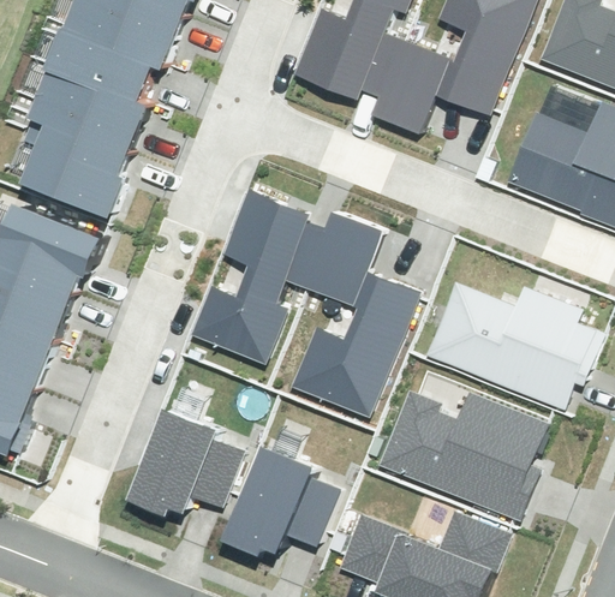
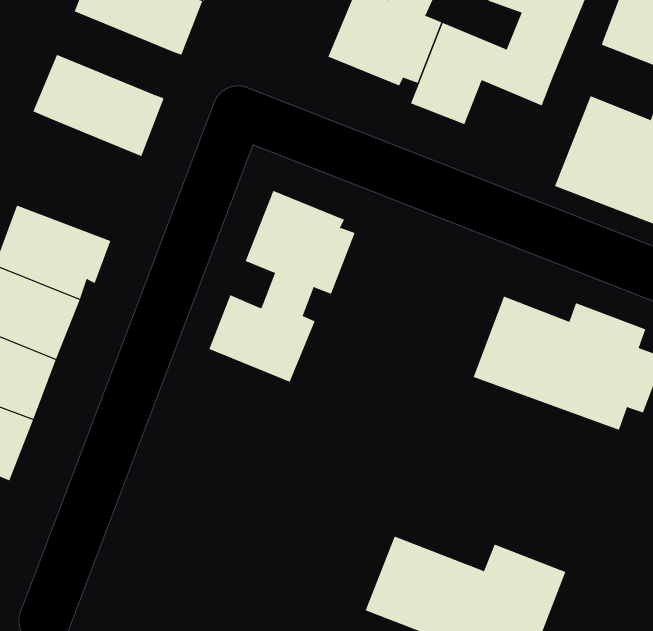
building: [53,29,156,103] -> none
building: [26,126,130,211] -> none
building: [291,211,416,416] -> none
building: [372,387,545,523] -> none
building: [129,408,239,520] -> none
building: [225,444,340,559] -> none

